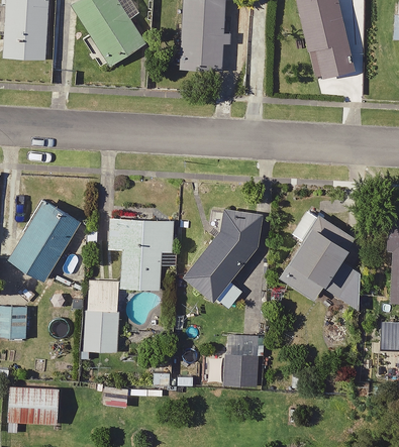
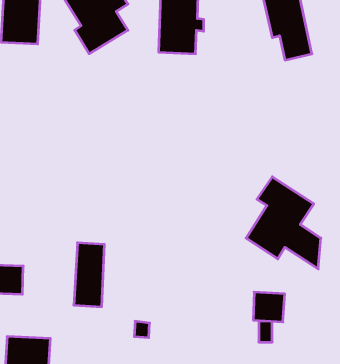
building: [10,201,80,281] -> none
building: [182,208,263,312] -> none
building: [110,217,175,288] -> none
building: [223,353,259,386] -> [253,292,285,322]

